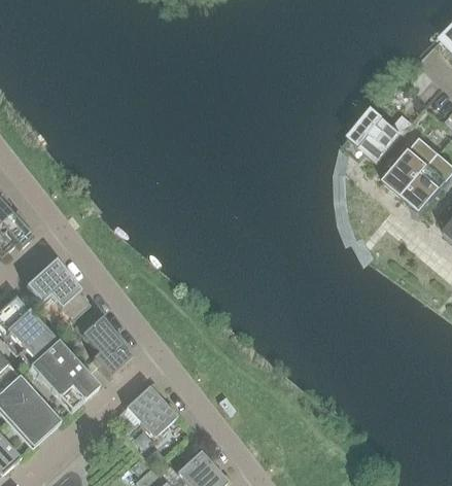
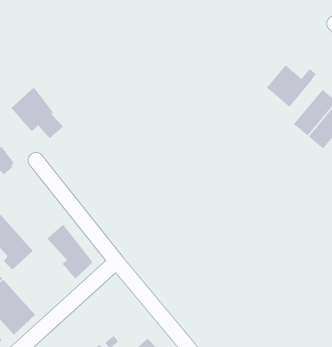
building: [25,256,92,322] -> [10,87,64,139]
building: [28,340,97,411] -> none
building: [125,384,175,436] -> none

